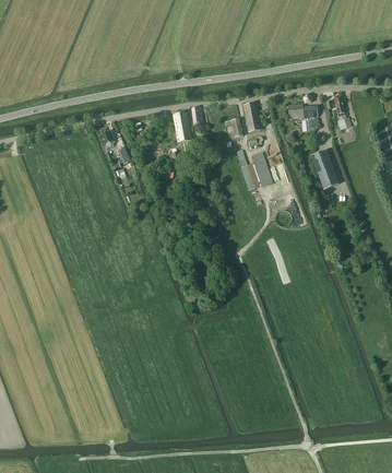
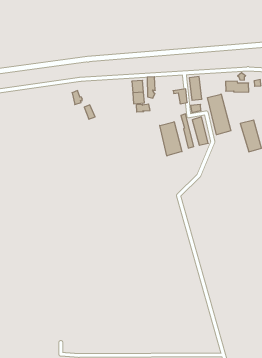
building: none -> [208,94,231,135]
building: none -> [160,122,182,156]

